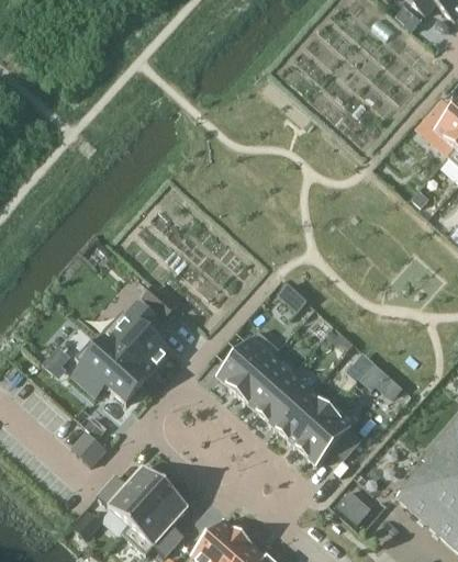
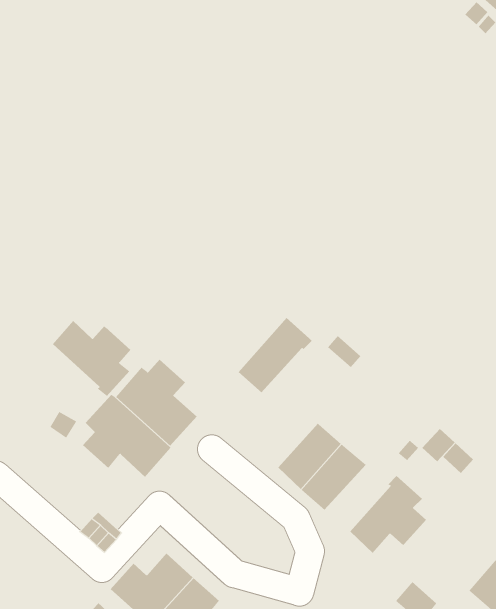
building: none -> [52,320,131,397]
building: [216,329,279,393] -> [238,317,313,393]
building: [276,391,331,447] -> none

